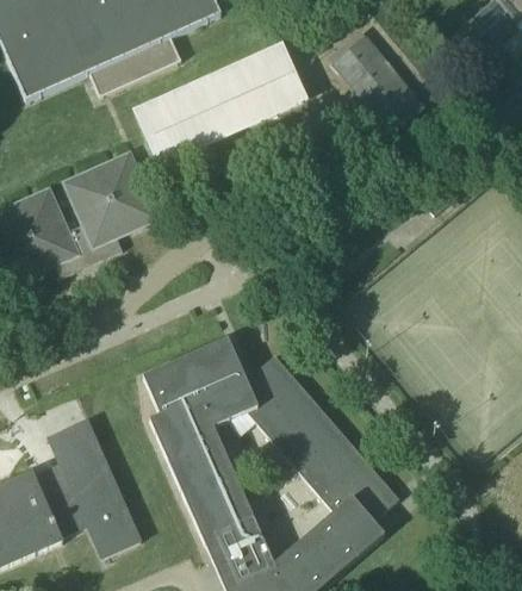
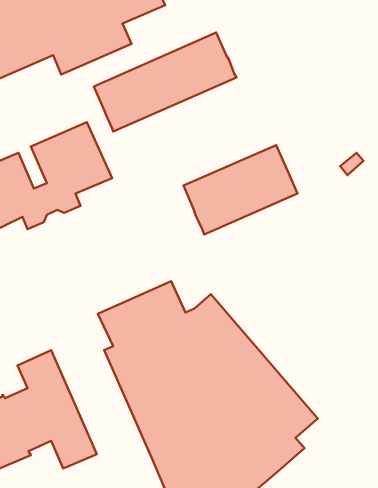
building: [331,33,423,132] -> none
building: none -> [183,145,298,234]

